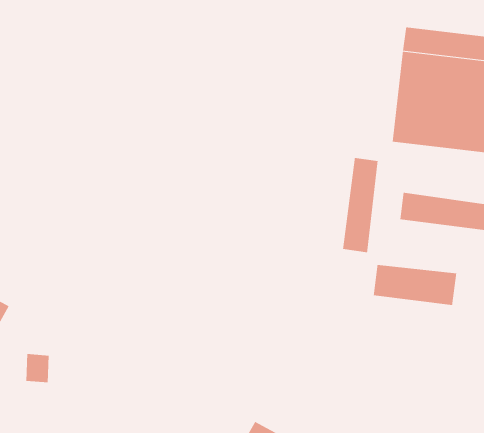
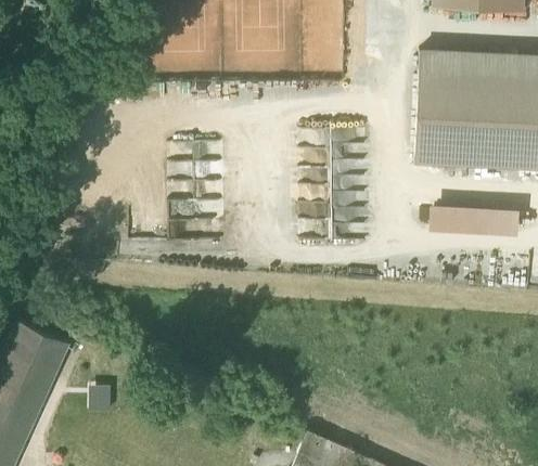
building: [343,157,378,253] -> none
building: [373,264,457,306] -> none

